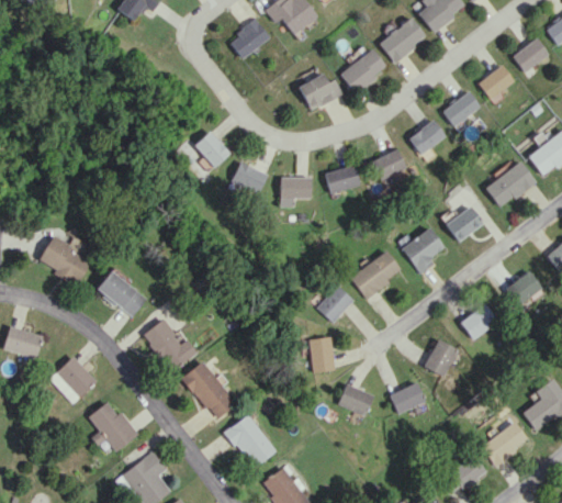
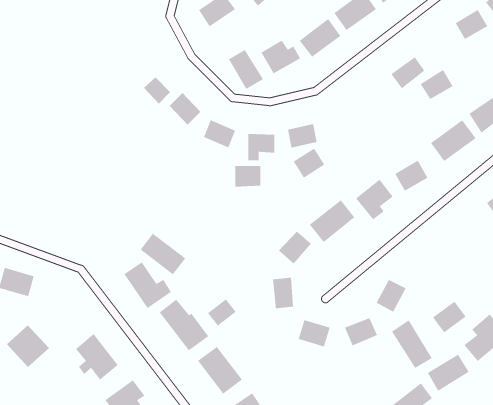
building: [476,65,514,99] -> [420,69,453,100]
building: none -> [228,49,264,90]
building: none -> [143,77,171,104]
building: [406,120,443,155] -> none
building: [370,148,406,182] -> [293,148,325,178]
building: none -> [235,165,261,187]
building: [38,237,92,283] -> none
building: [95,270,147,317] -> [140,233,186,275]
building: [506,270,543,306] -> none
building: [460,303,498,339] -> [432,301,467,333]
building: [49,356,98,404] -> [6,325,50,368]
building: none -> [207,299,236,326]
building: none -> [391,320,433,369]

